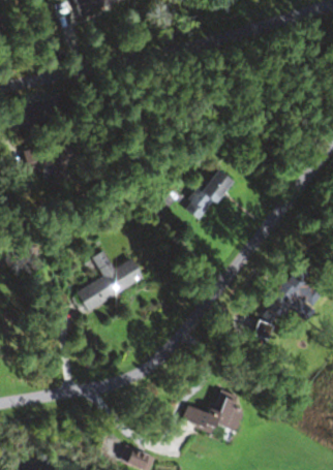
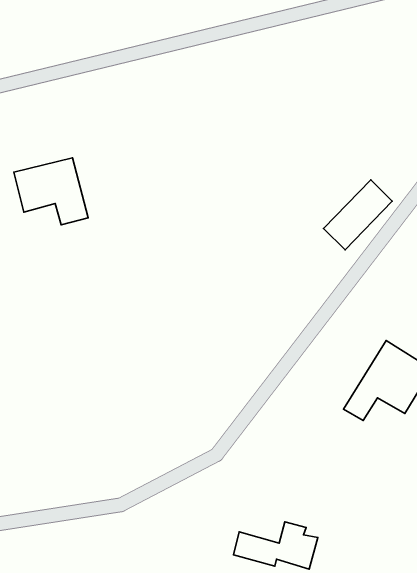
building: [183,168,233,219] -> [324,180,392,250]
building: [77,249,145,311] -> none

